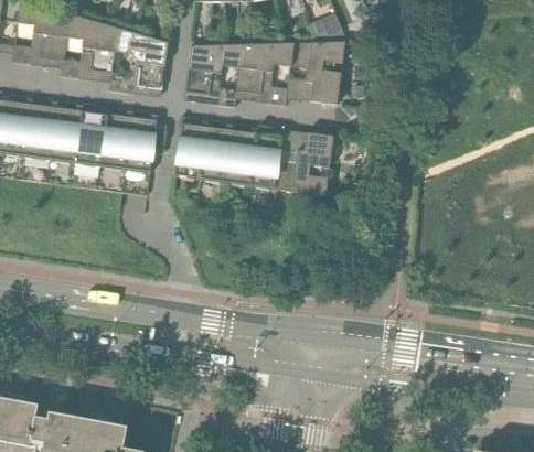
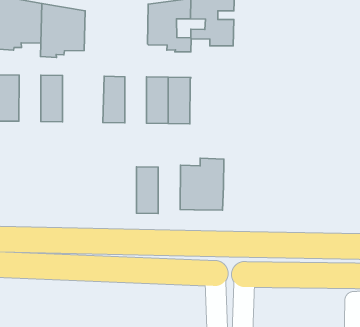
building: [184,44,243,107] -> none
building: [75,109,107,166] -> none
building: [126,116,158,173] -> none
building: [199,126,231,183] -> [136,167,158,213]
building: [275,132,333,196] -> [180,158,224,210]

